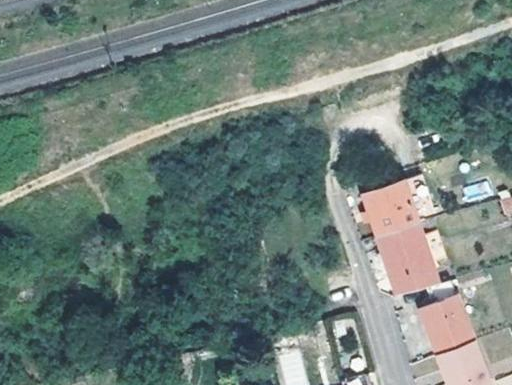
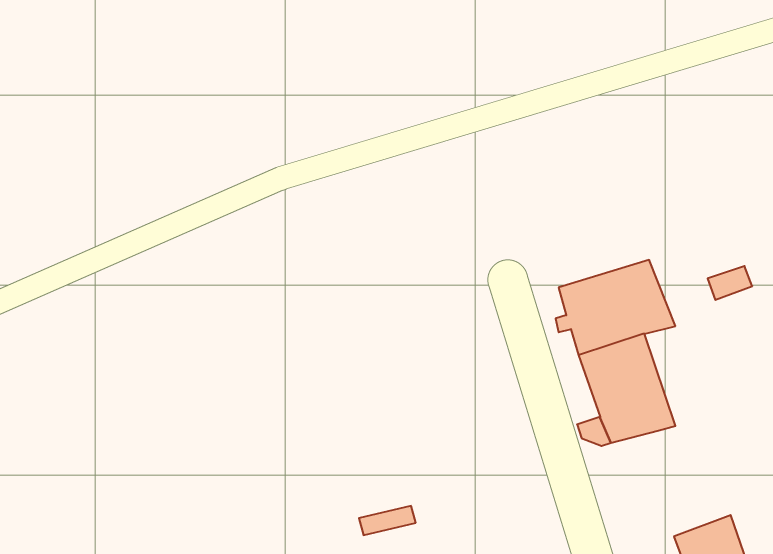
building: [422,282,476,358] -> none

